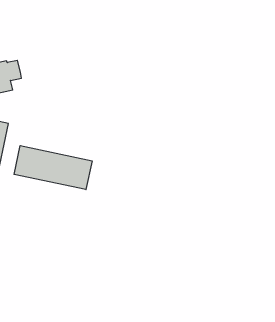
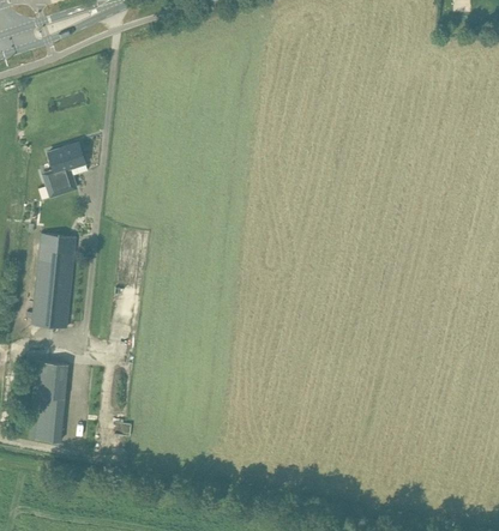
building: [14,146,92,190] -> none

